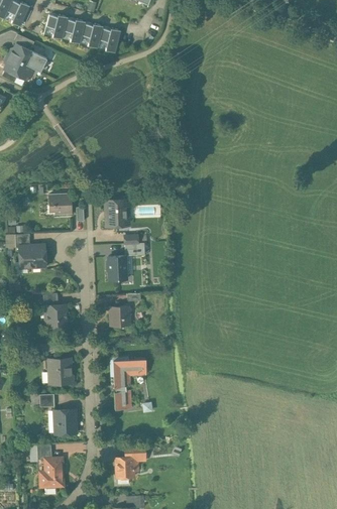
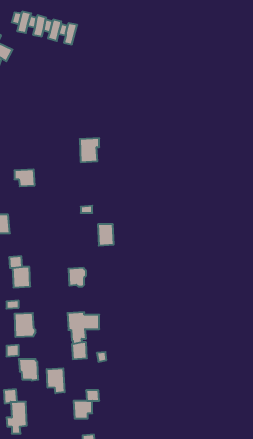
building: [105,200,127,227] -> [80,138,99,162]
building: [108,257,126,281] -> [98,224,114,246]
building: none -> [47,368,65,393]

